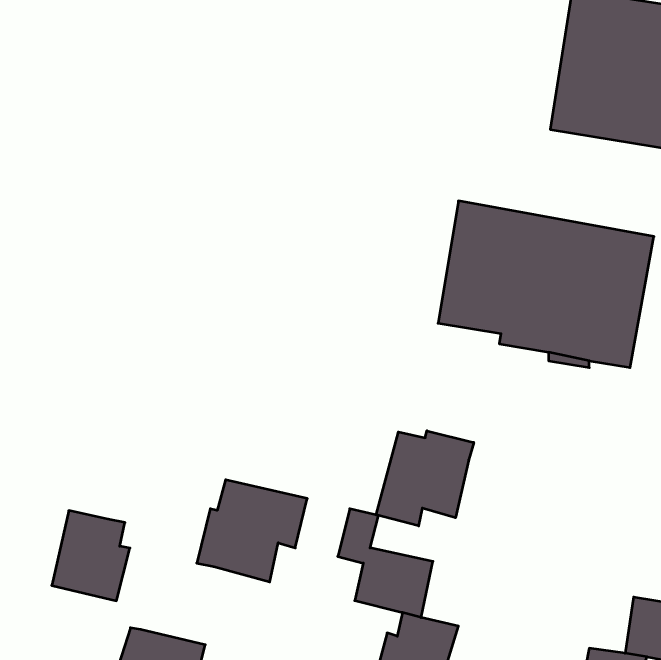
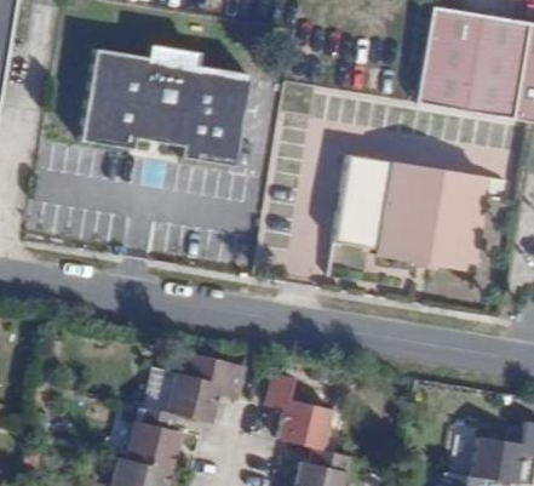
building: none -> [84,41,253,162]
building: [376,431,474,526] -> none
building: [52,511,130,601] -> [124,406,179,470]

